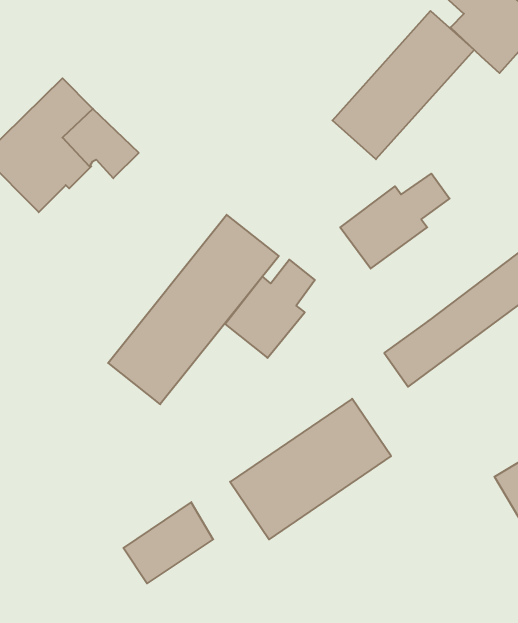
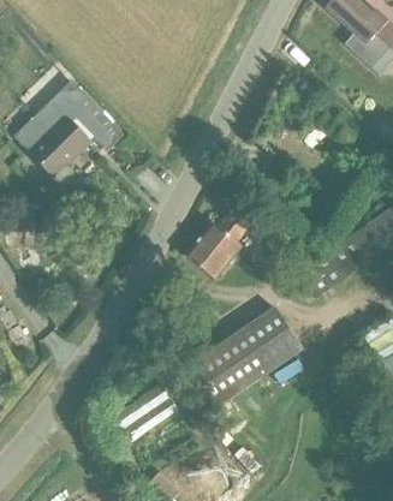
building: [332,11,474,159] -> none
building: [340,174,450,269] -> none
building: [108,215,279,404] -> none

